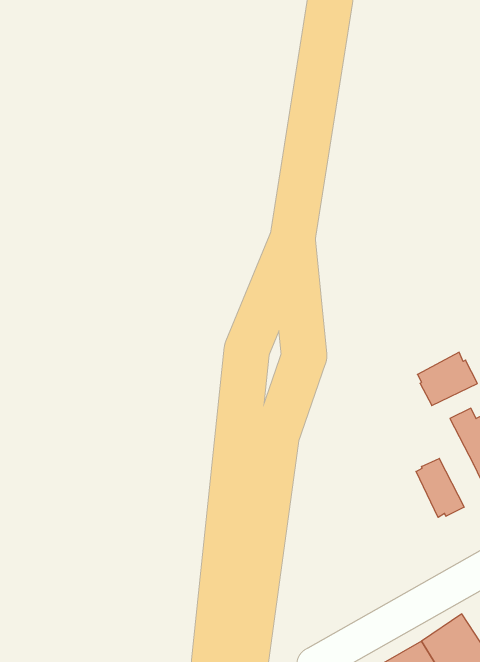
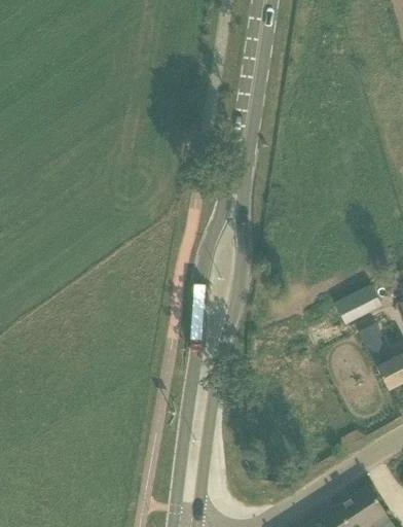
building: [416,458,464,517] -> none

